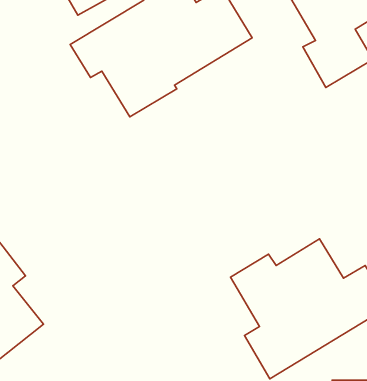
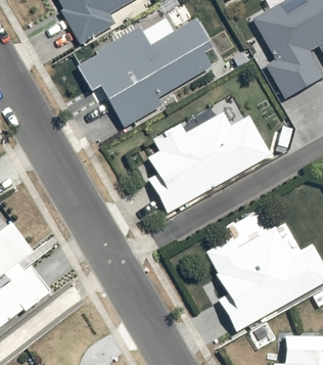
building: none -> [144,112,269,215]

